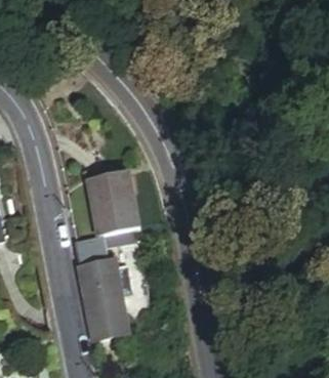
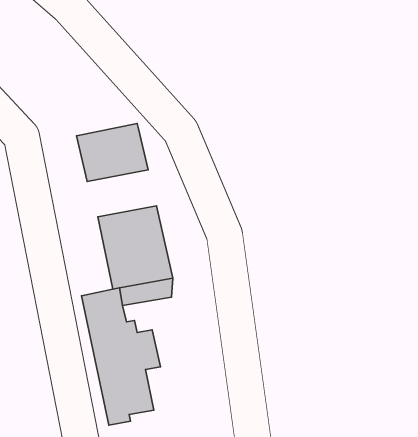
building: none -> [77,123,148,182]

